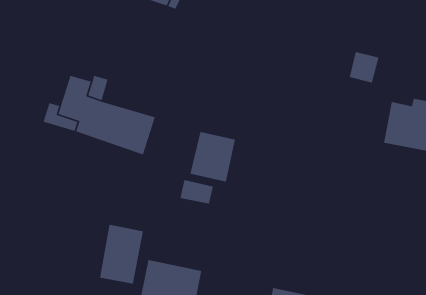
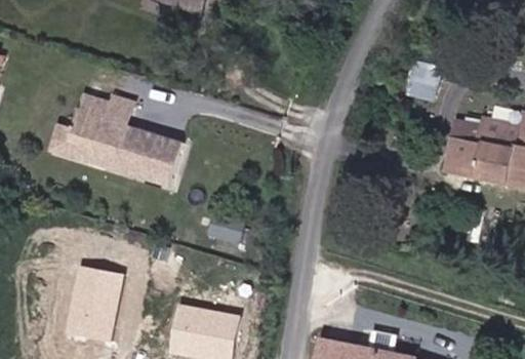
building: [190,131,236,183] -> none
building: [99,224,144,284] -> [69,269,121,340]

